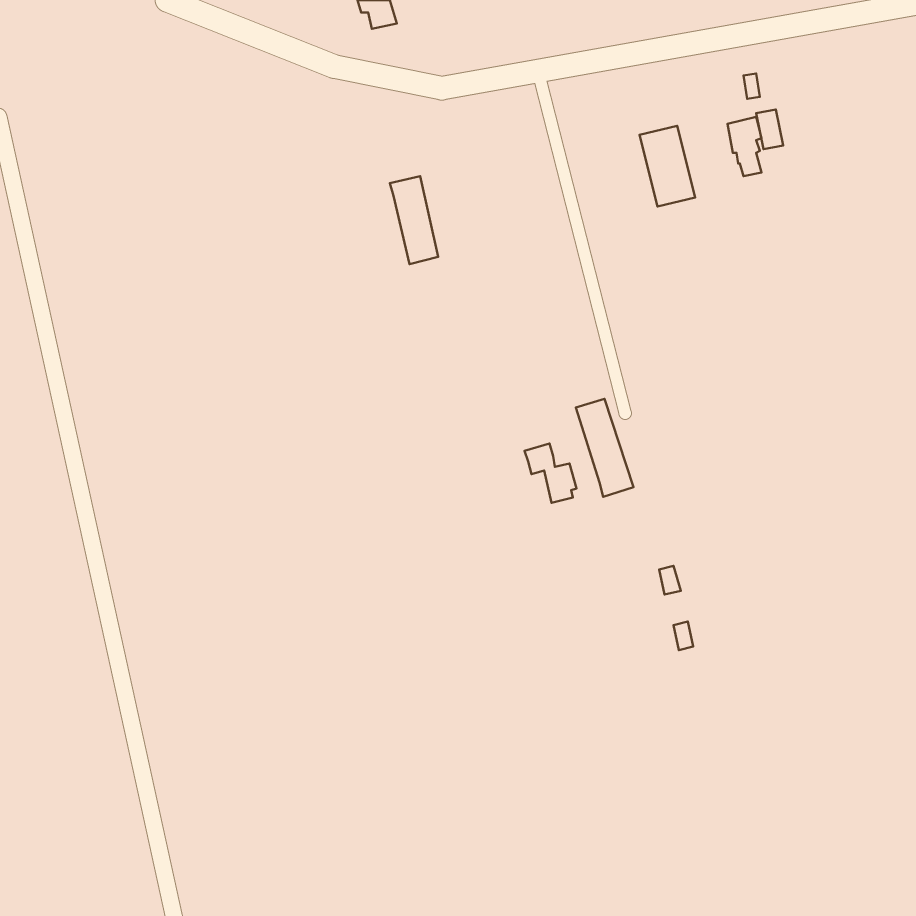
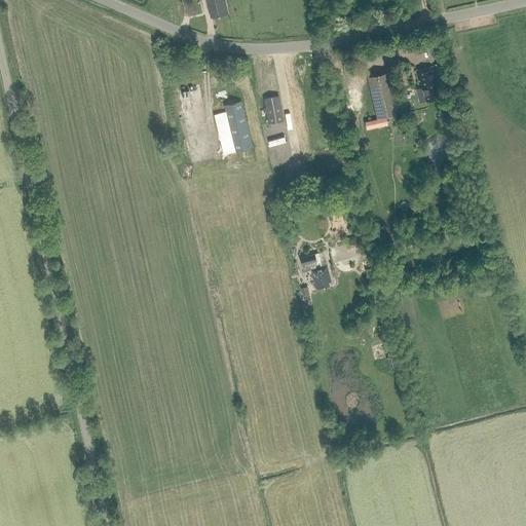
building: none -> [262,97,283,125]
building: [576,399,633,497] -> none

